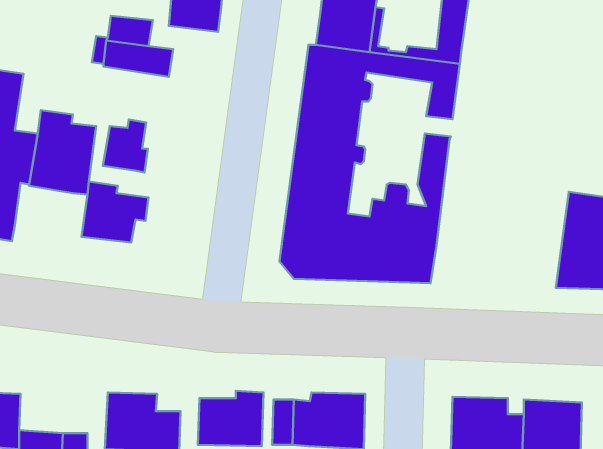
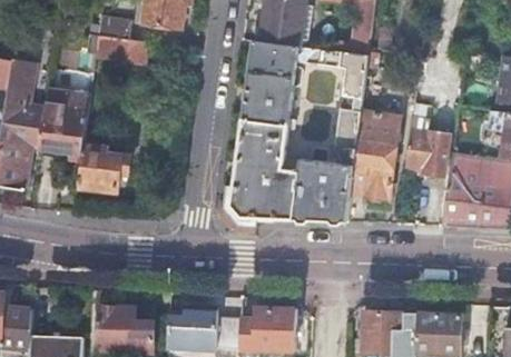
building: [103,120,148,172] -> none
building: none -> [350,113,400,202]
building: none -> [404,130,448,177]

